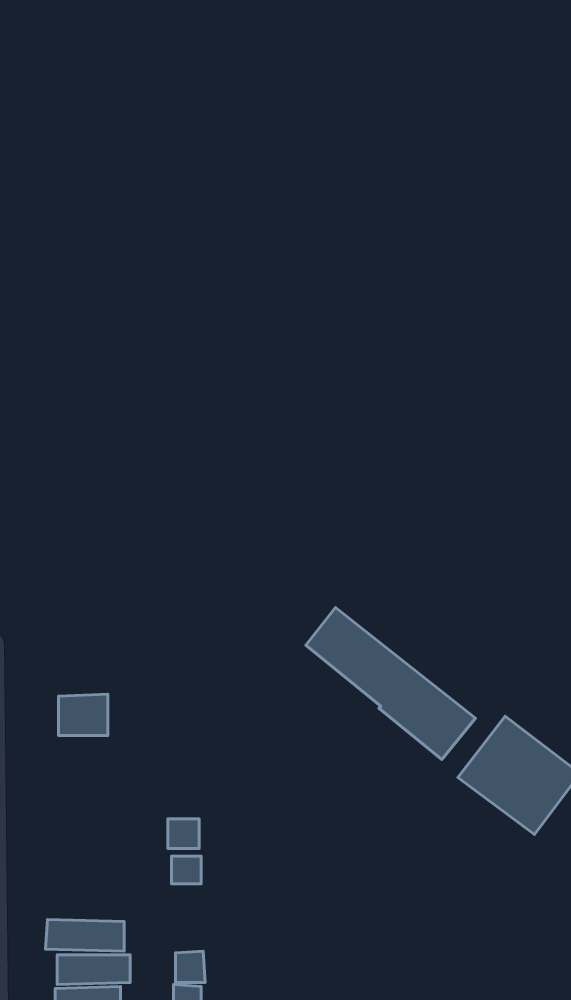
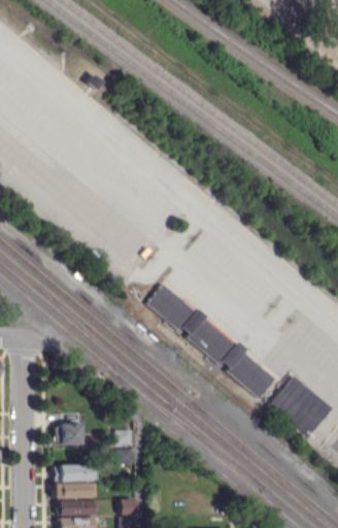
building: none -> [147,284,205,338]
building: [58,694,108,736] -> [56,424,81,446]
building: none -> [54,466,95,482]

